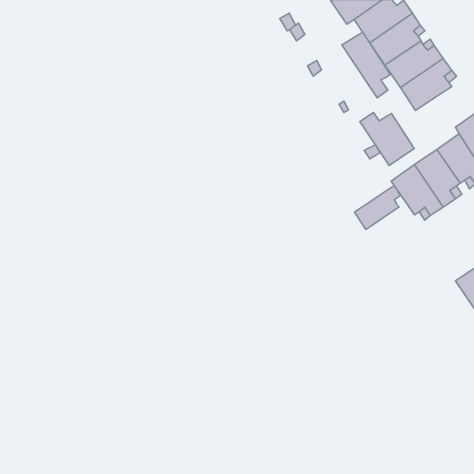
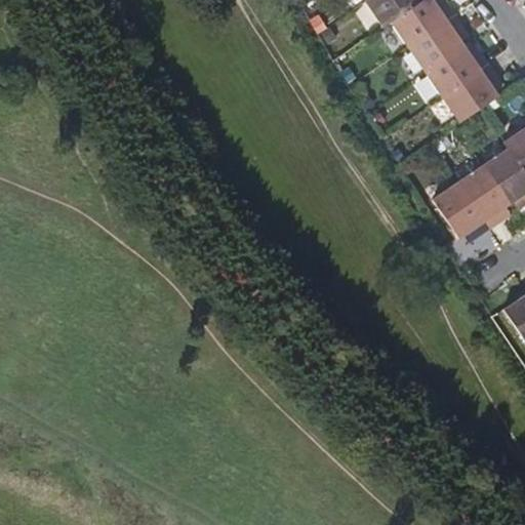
building: [342,32,390,98] -> none
building: [360,112,414,165] -> none
building: [355,185,401,230] -> none

